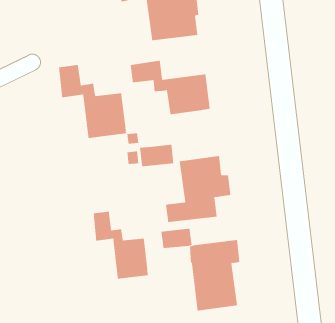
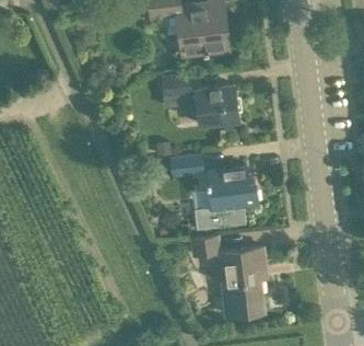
building: [58,64,127,139] -> none
building: [93,211,148,279] -> none

